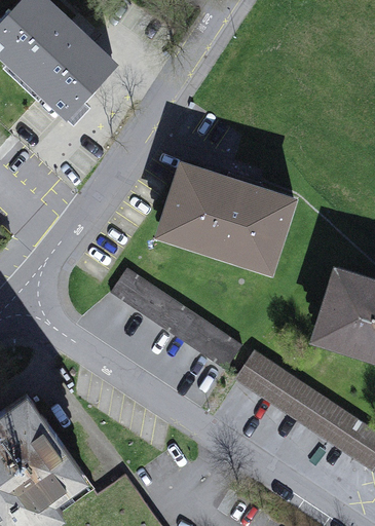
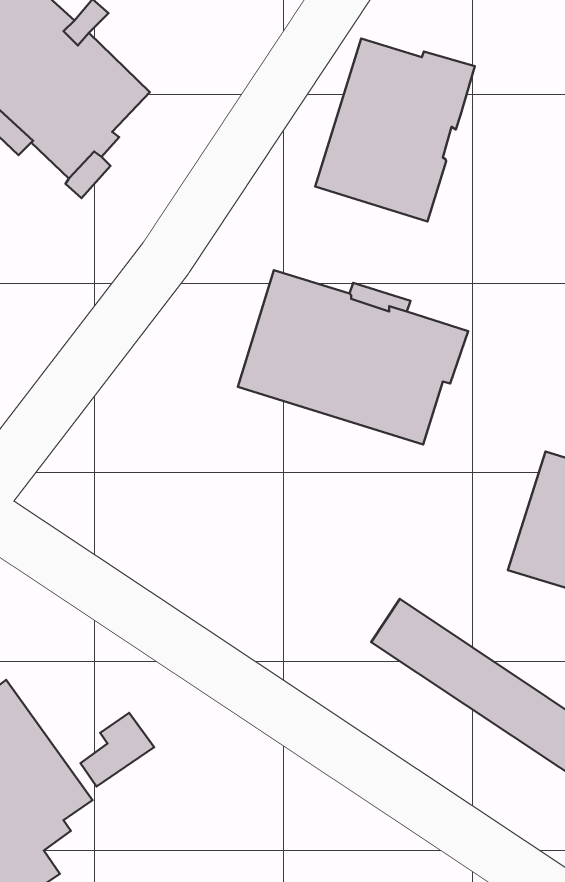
building: none -> [315,38,475,222]
building: [110,268,241,370] -> none
building: [51,468,93,511] -> [80,713,154,787]

